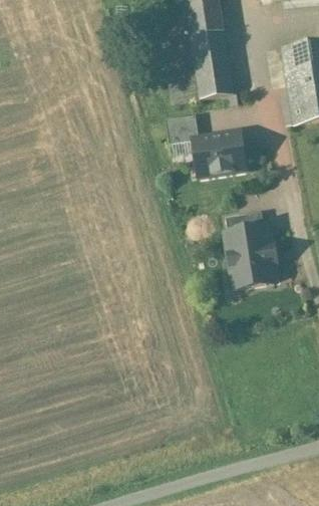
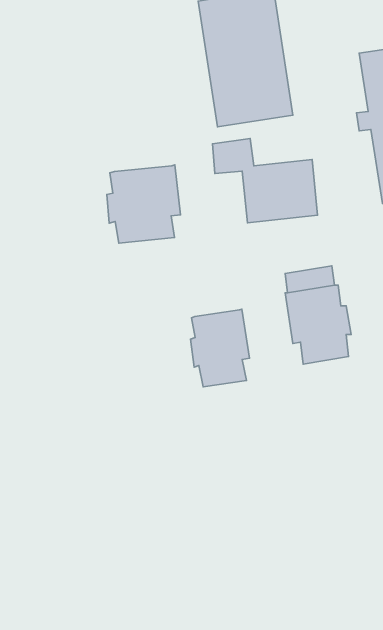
building: none -> [107,165,181,243]
building: none -> [191,309,250,387]

